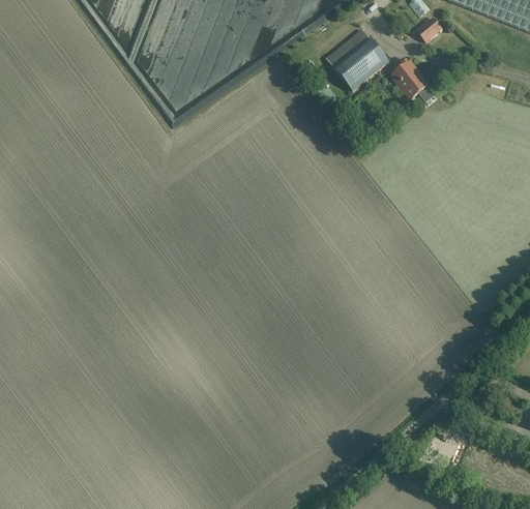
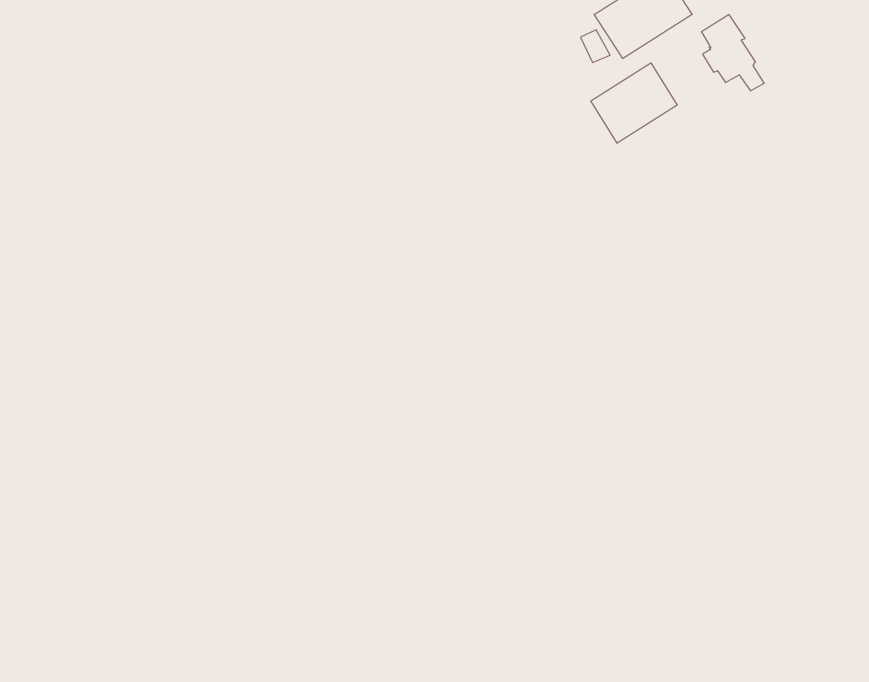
building: none -> [591,63,677,143]

